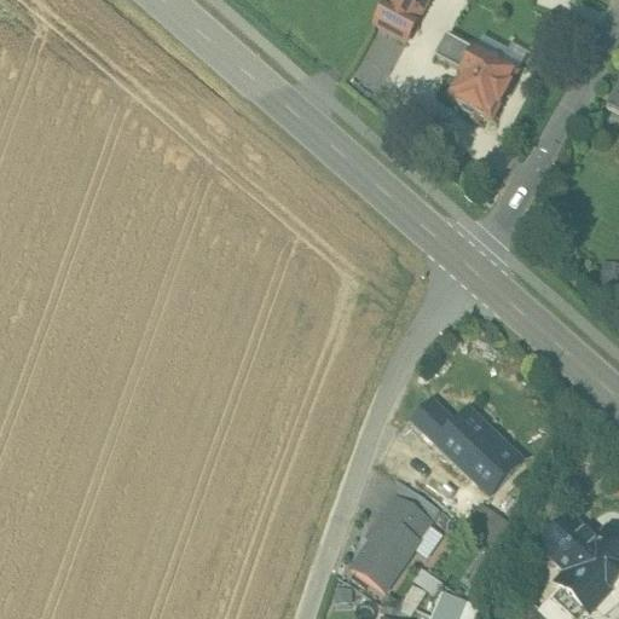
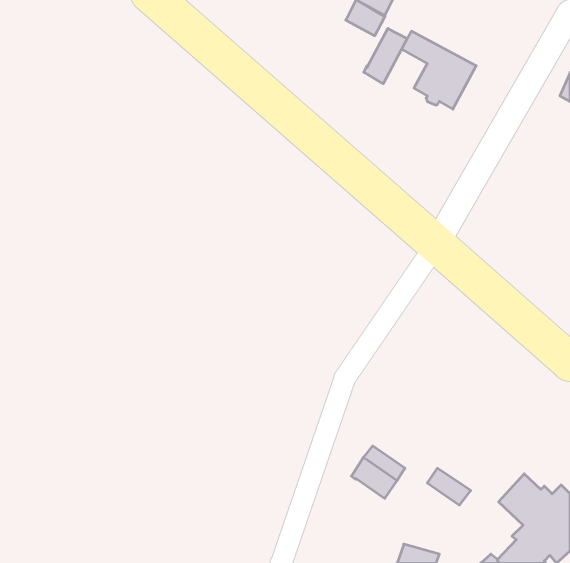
building: none -> [364,28,407,84]
building: [413,400,519,488] -> none
building: [352,519,418,590] -> none

